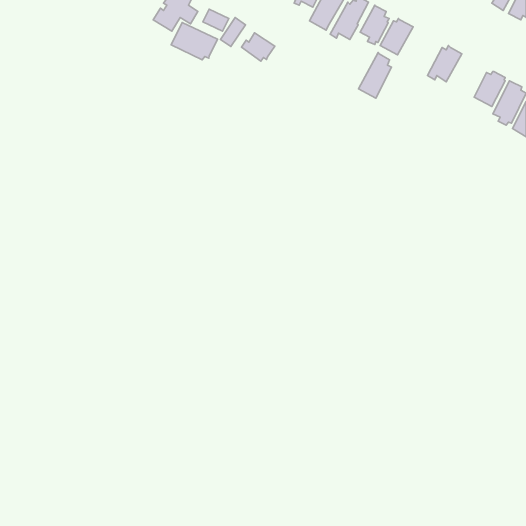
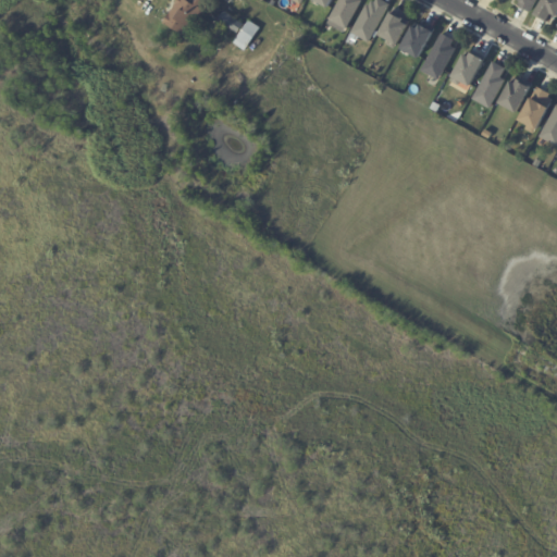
building: [171,22,218,60] -> none
building: [242,33,275,61] -> none
building: [358,53,391,98] -> [420,32,455,79]
building: none -> [471,60,505,108]

